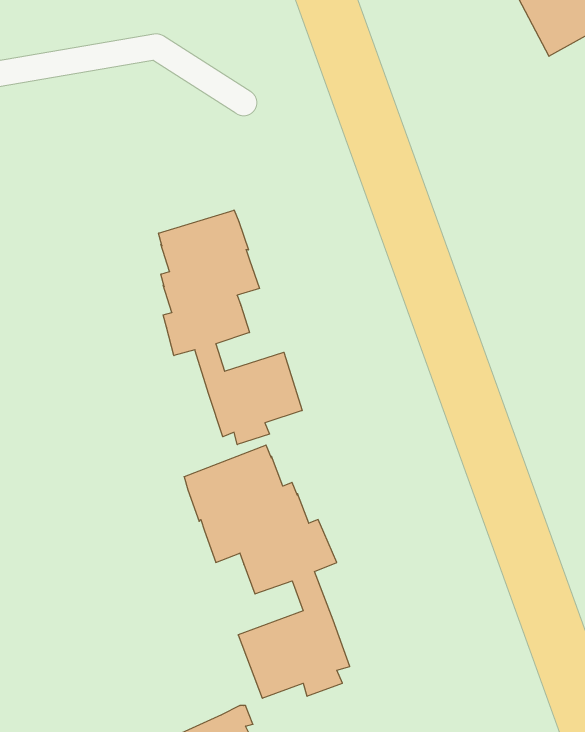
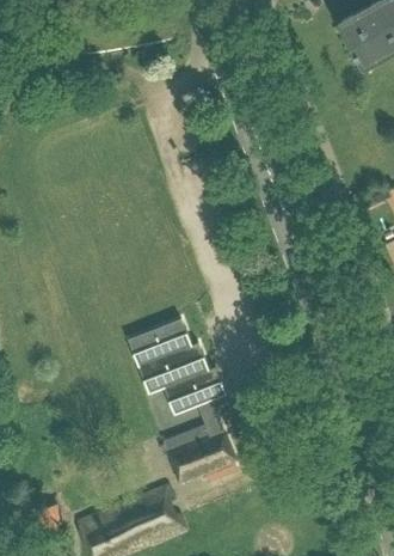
building: [159,210,302,445] -> none

